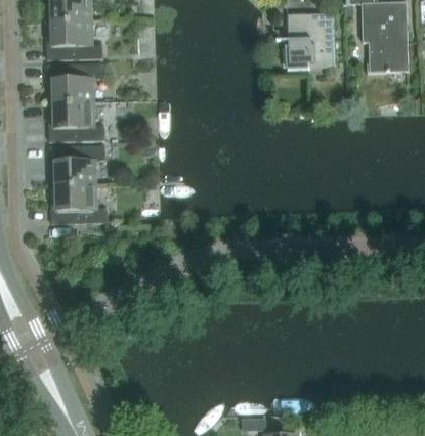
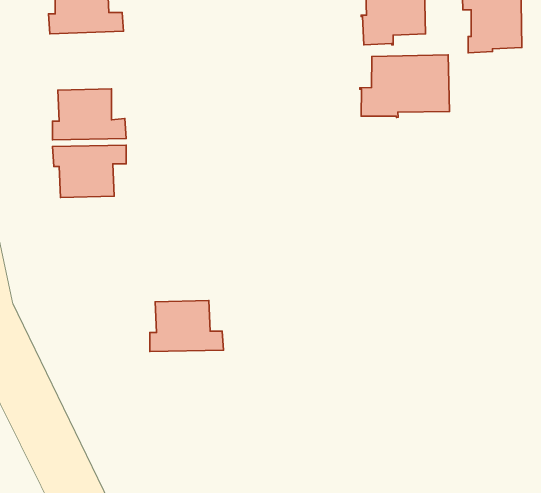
building: [47,64,103,104] -> none
building: none -> [360,55,449,117]
building: [51,185,108,224] -> [150,300,224,351]

